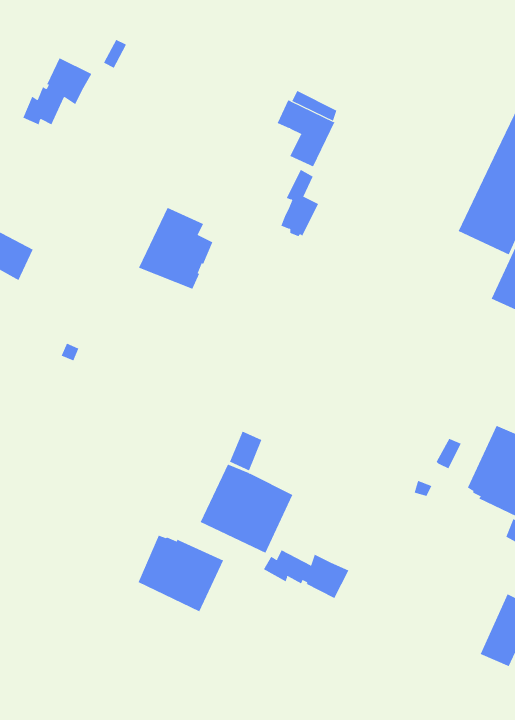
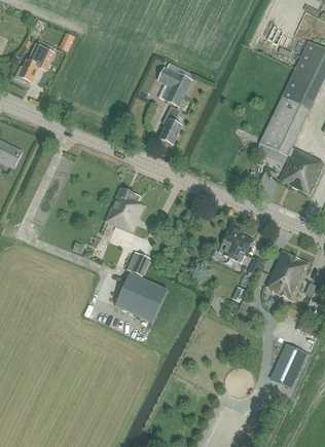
building: [138,207,213,290] -> [103,187,145,233]
building: none -> [218,227,251,262]
building: [138,535,224,612] -> none
building: [263,550,349,599] -> none

